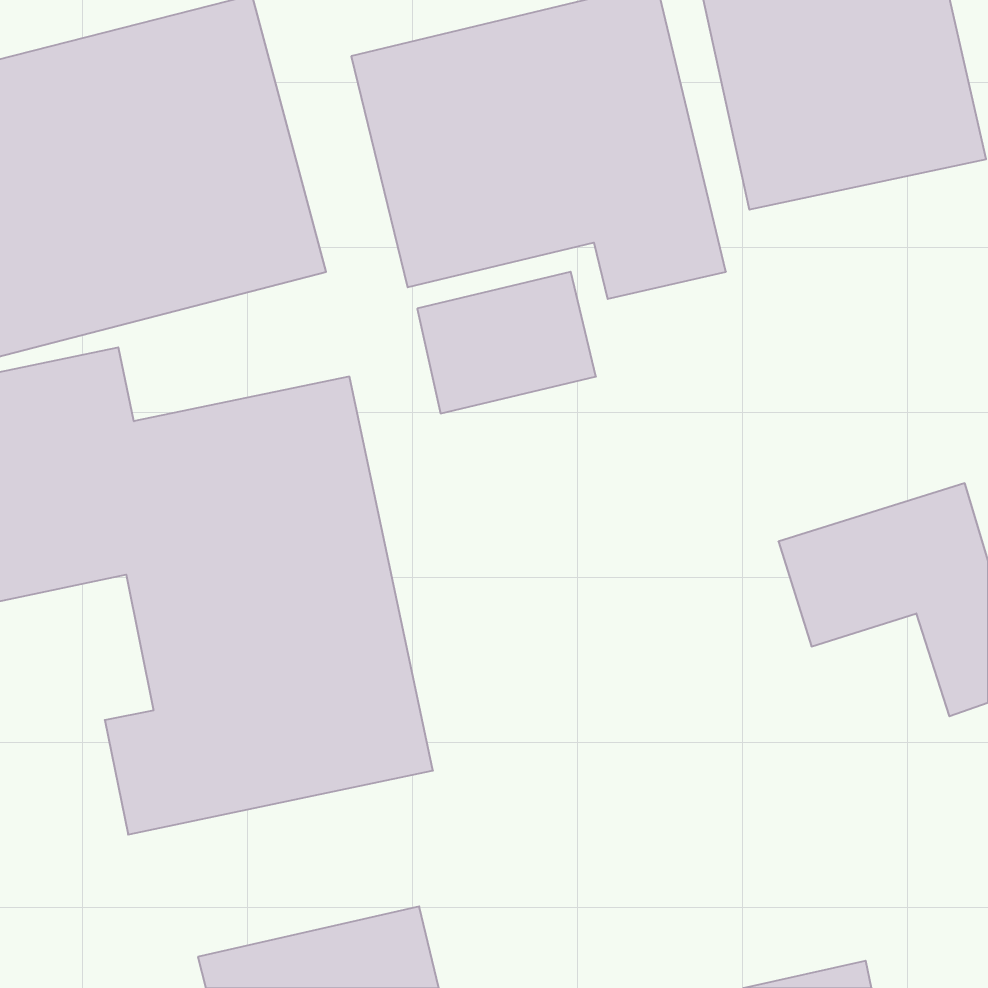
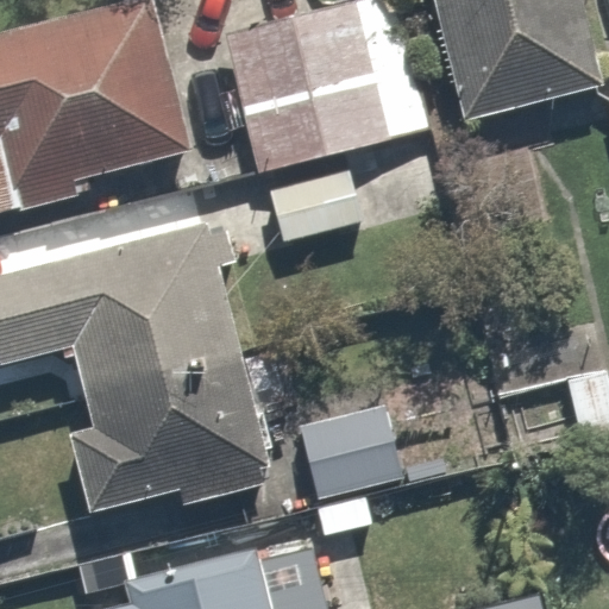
building: none -> [295,396,422,498]

